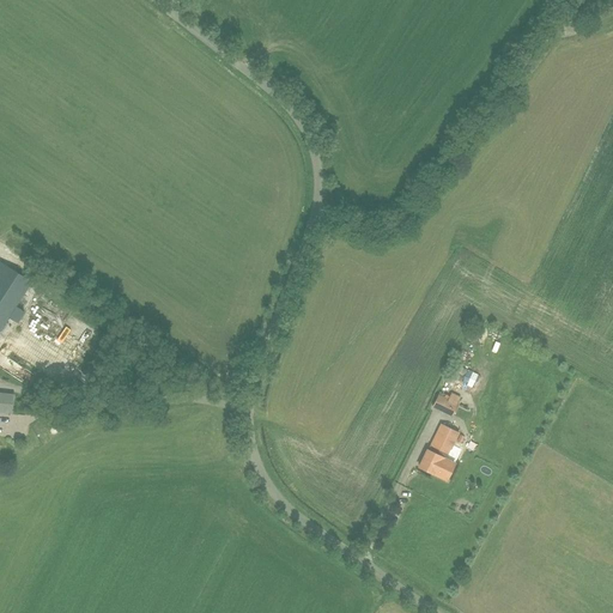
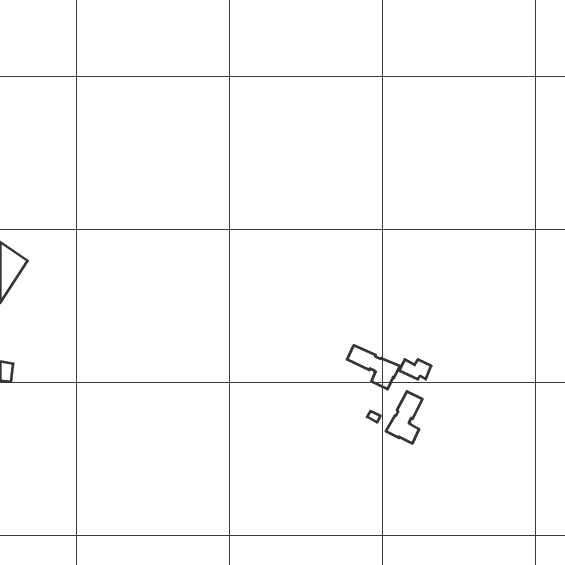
building: none -> [347,345,400,389]

